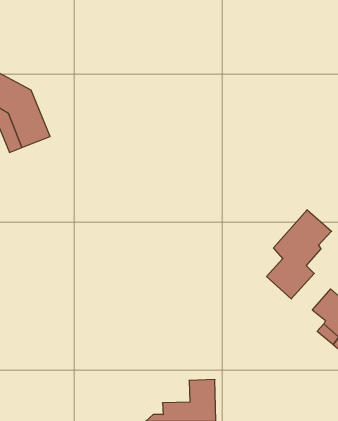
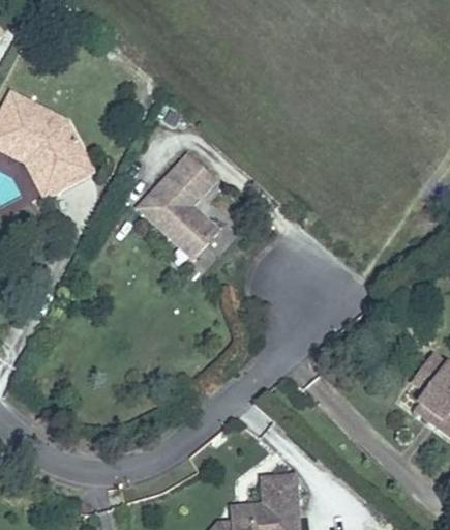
building: none -> [145,163,222,261]
building: [267,210,332,299] -> none

